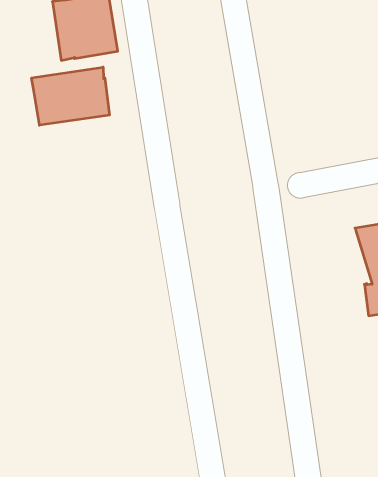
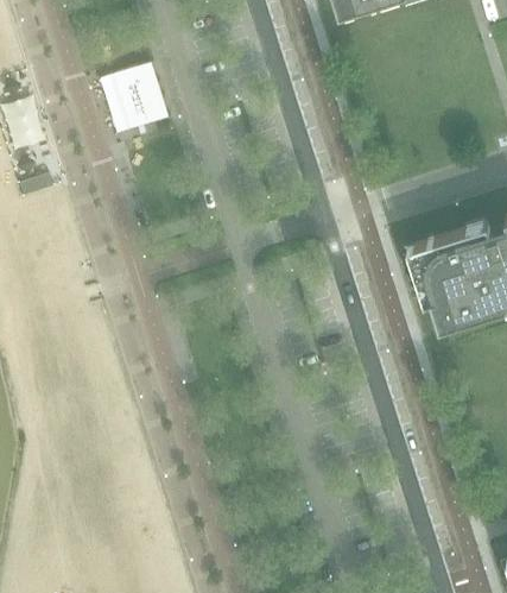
building: [32,67,109,125] -> none

